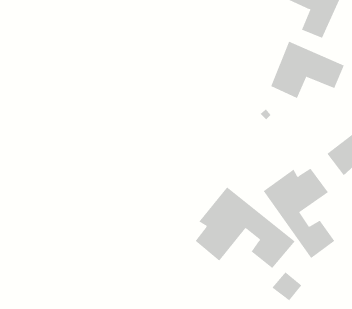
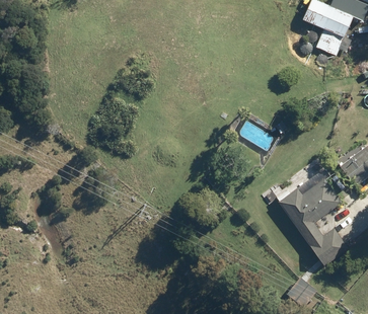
building: [270,41,345,99] -> none
building: [195,187,295,269] -> none

